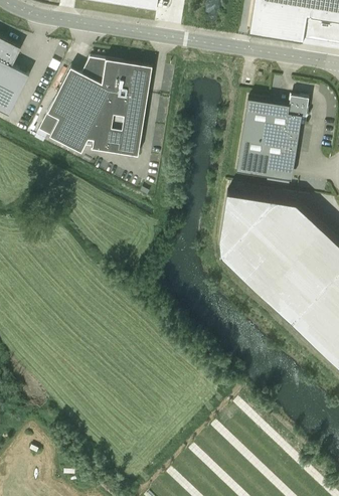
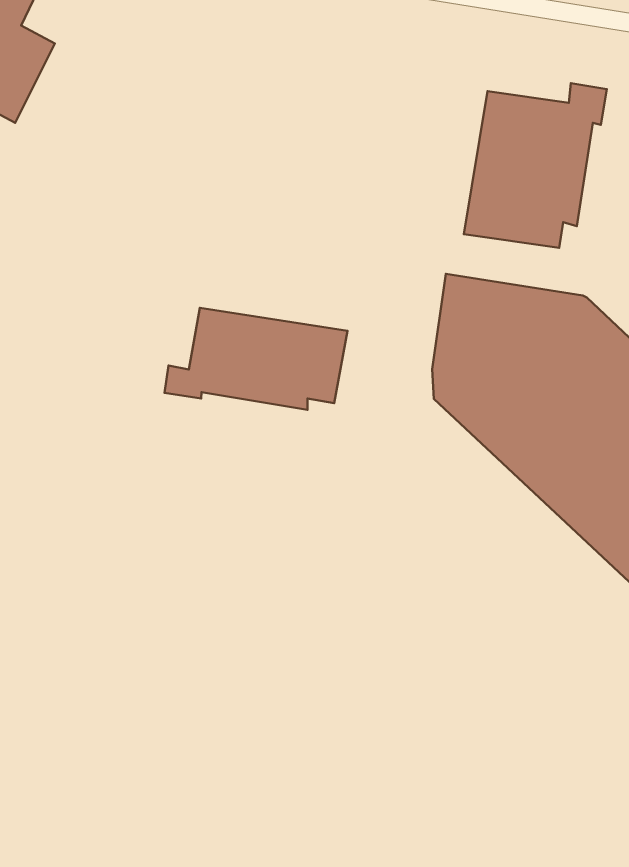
building: [38,57,152,156] -> none
building: none -> [164,308,347,410]

